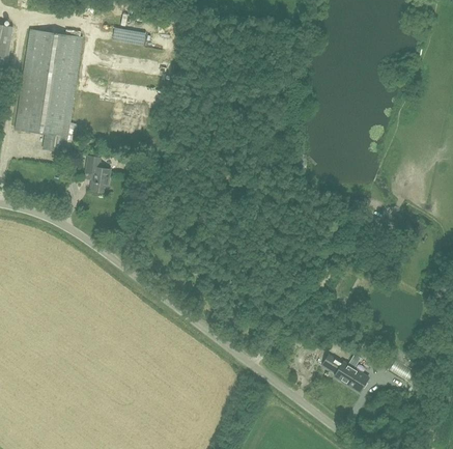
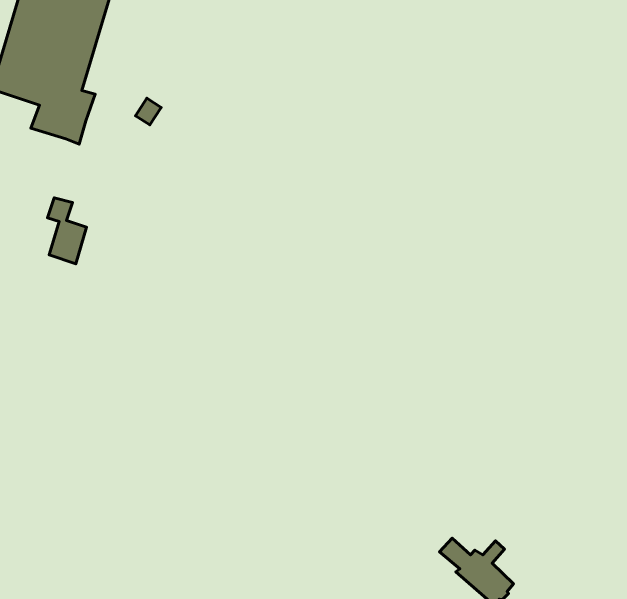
building: [85,155,109,192] -> [48,198,86,264]

